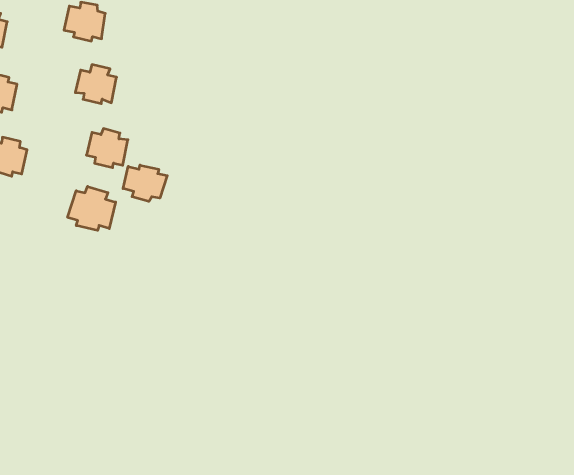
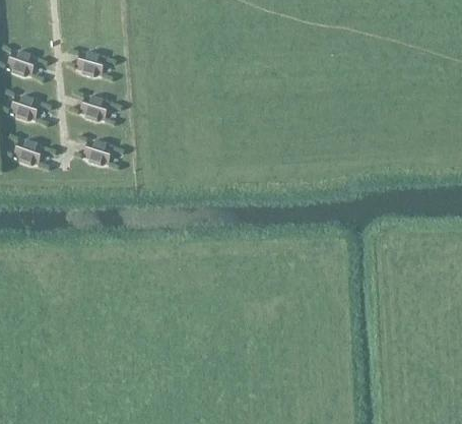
building: [123,165,167,201] -> none
building: [68,186,116,230] -> none

